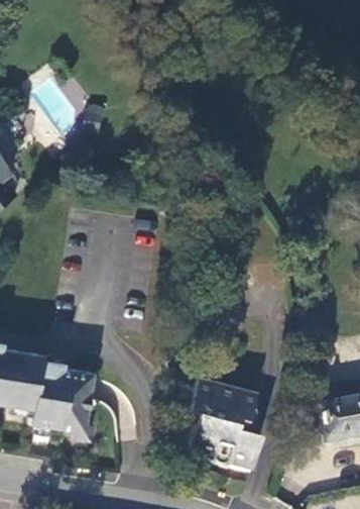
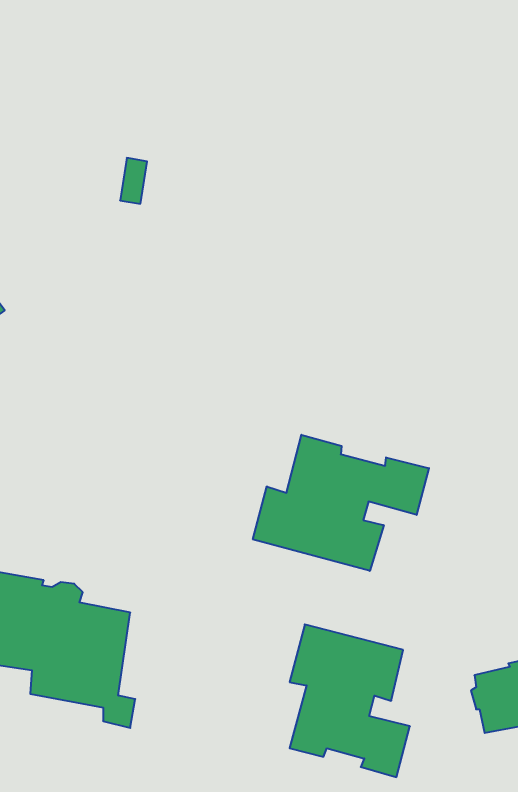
building: none -> [253,435,429,571]

